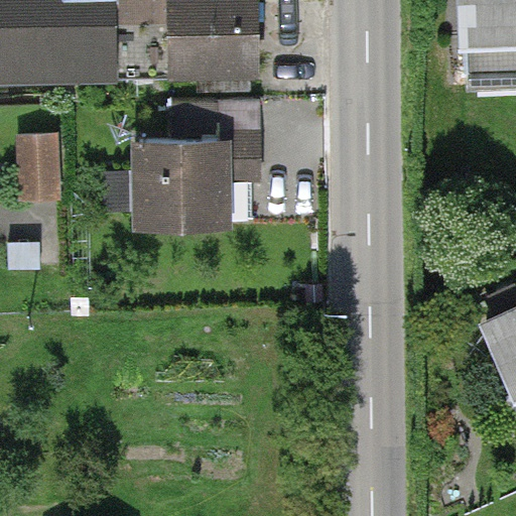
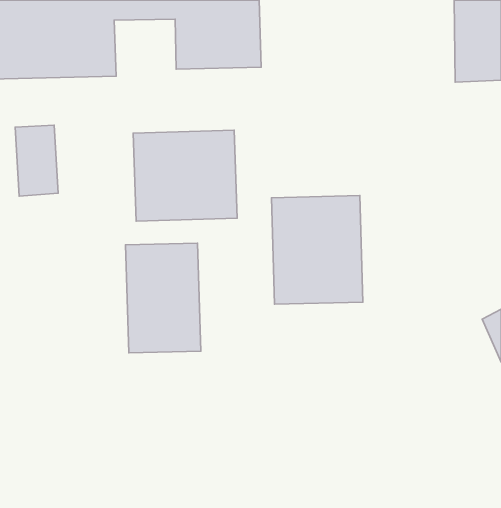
building: none -> [271,196,363,304]
building: none -> [126,243,201,353]

